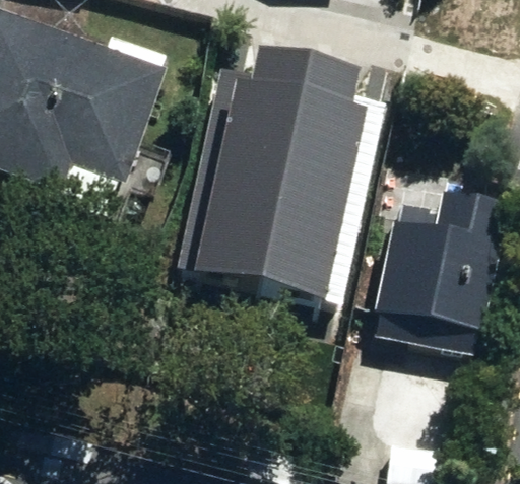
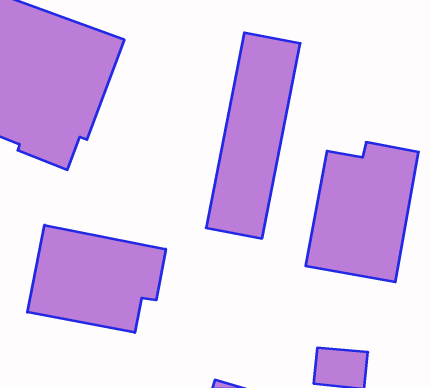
building: [196,49,303,284] -> none
building: none -> [27,225,166,333]

